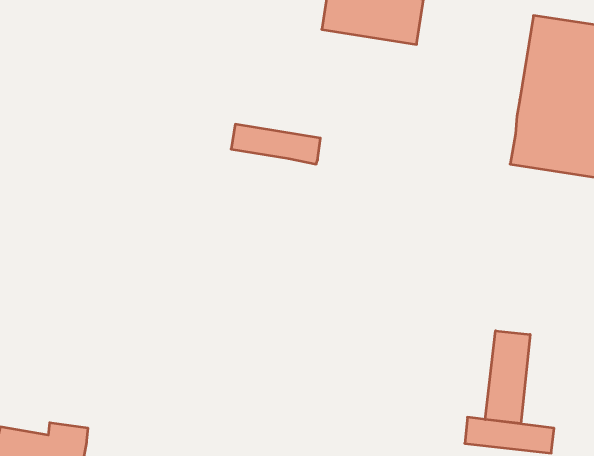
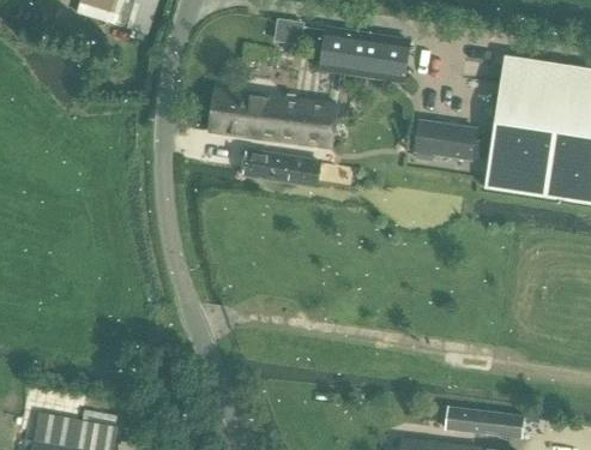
building: none -> [210,86,336,146]
building: none -> [412,120,490,160]
building: [485,331,530,423] -> none

